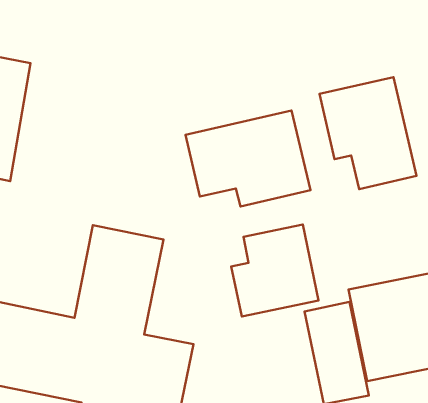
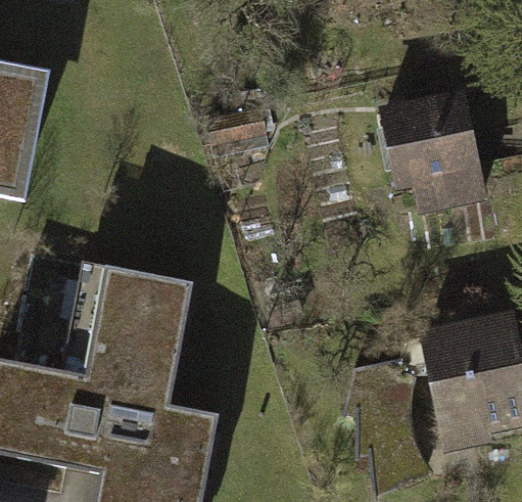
building: [186,110,310,207] -> none
building: [231,225,319,317] -> none

